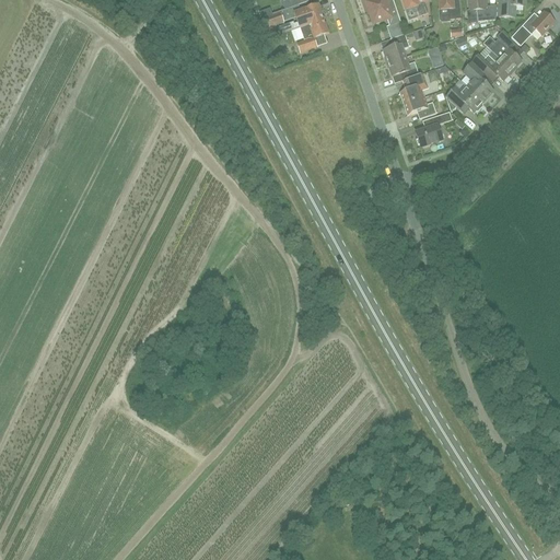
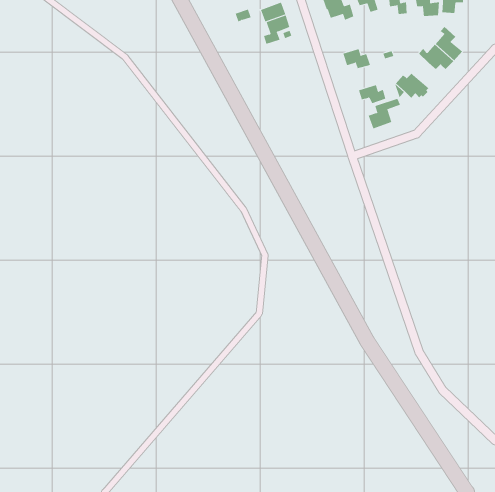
building: [511,10,553,44] -> none
building: [382,32,408,60] -> none
building: [463,60,492,100] -> none
building: [399,72,427,102] -> none

